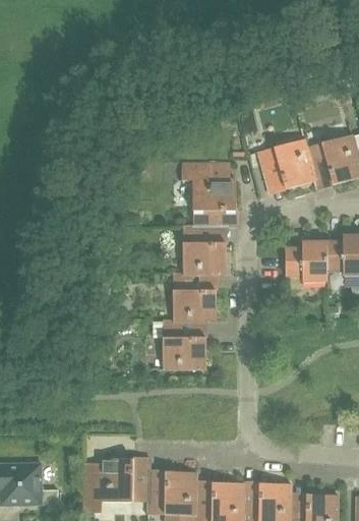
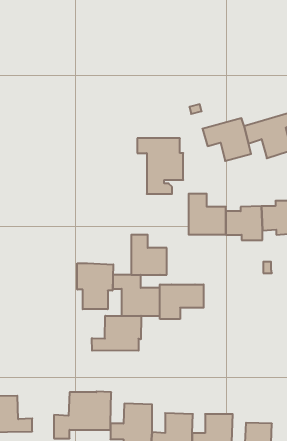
building: [183,227,227,275] -> [189,194,226,235]
building: none -> [77,263,113,309]
building: none -> [160,284,204,319]
building: none -> [92,316,141,351]

